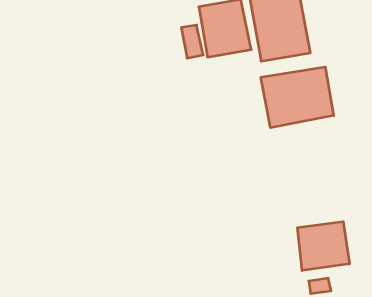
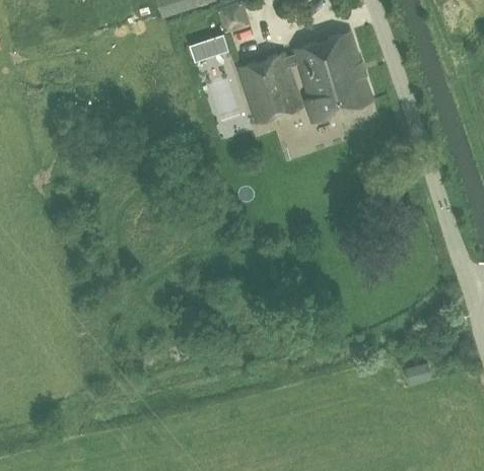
building: [261,67,334,128] -> none
building: [298,222,349,271] -> none

